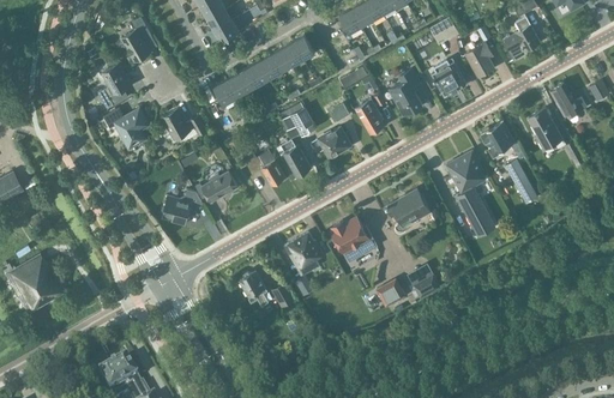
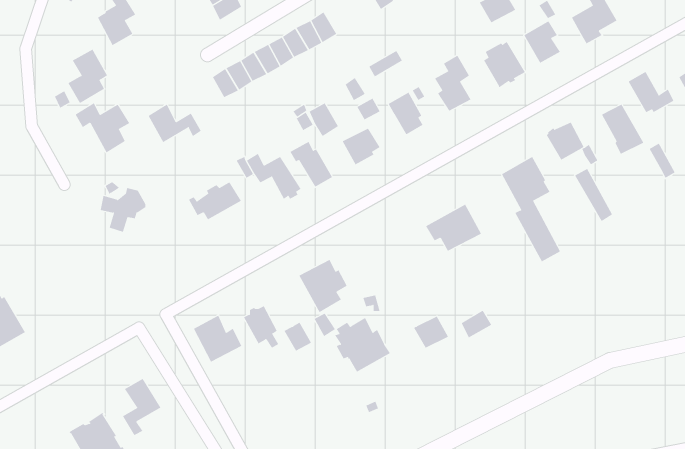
building: [164,188,201,224] -> [100,188,146,232]
building: [331,216,377,260] -> [334,317,391,373]
building: none -> [193,315,242,362]
building: none -> [122,378,161,436]

